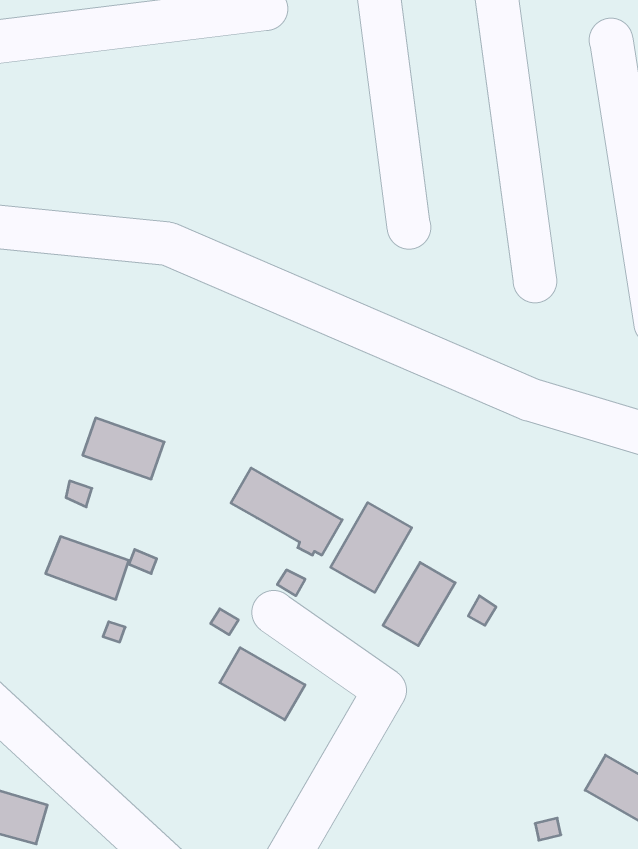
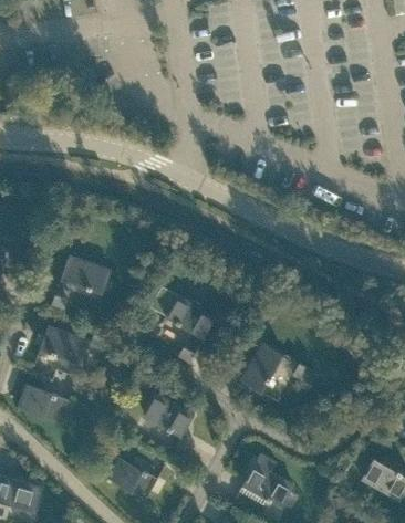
building: [331,503,412,592] -> none
building: none -> [19,386,69,423]
building: none -> [243,456,293,508]
building: none -> [108,458,158,501]

